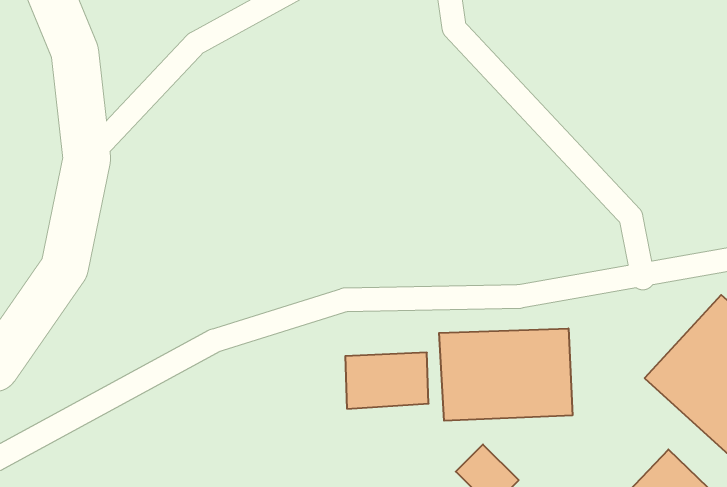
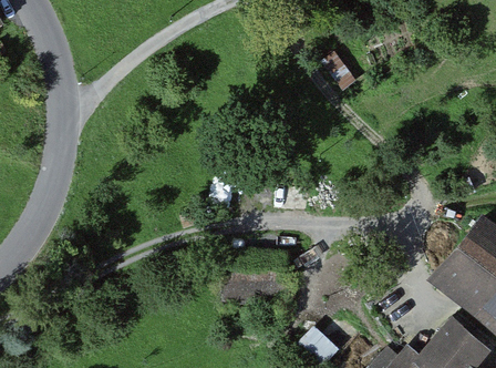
building: [439,328,572,421] -> none

